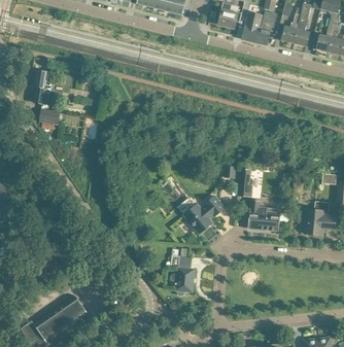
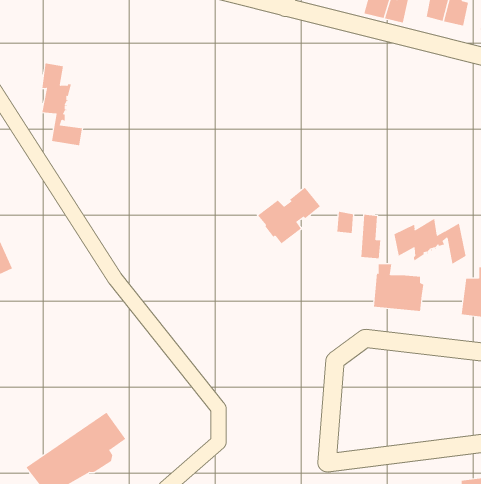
building: none -> [394,218,466,265]
building: [183,196,225,233] -> [257,187,321,244]
building: [170,256,194,296] -> none

